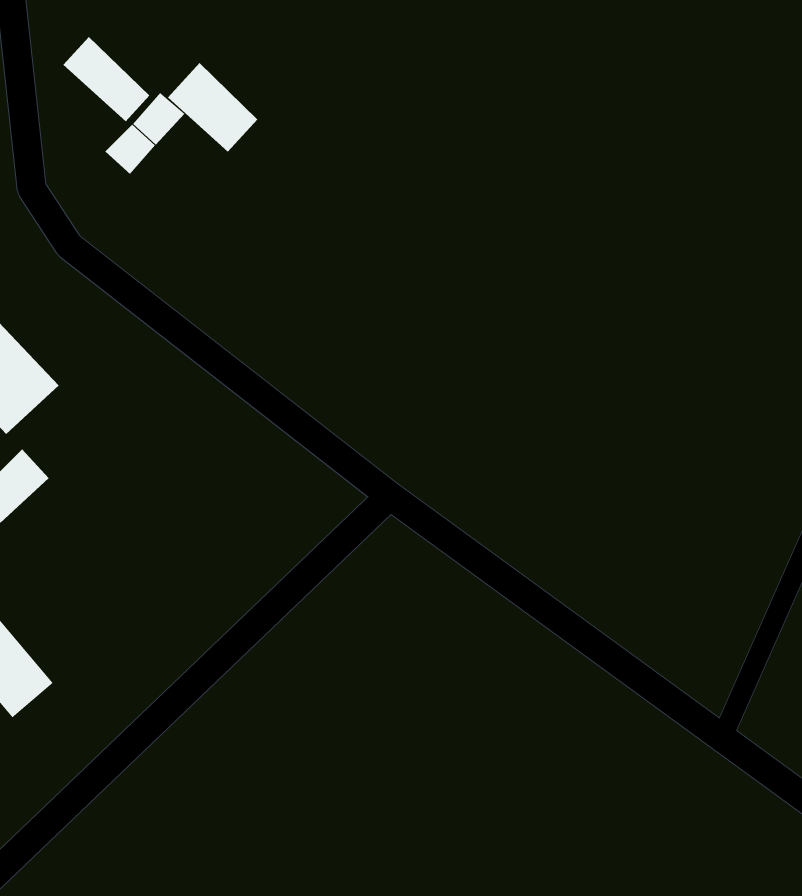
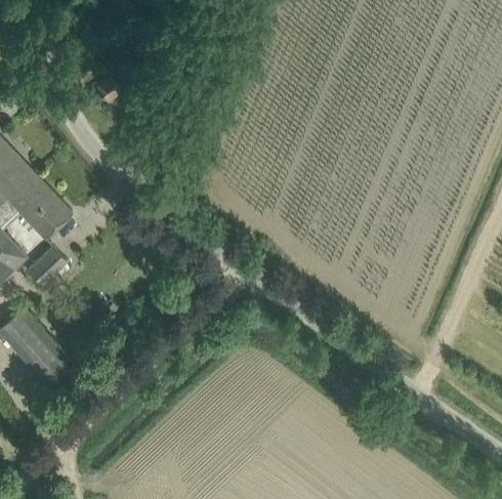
building: [63,36,150,122] -> none
building: [167,62,258,153] -> none

